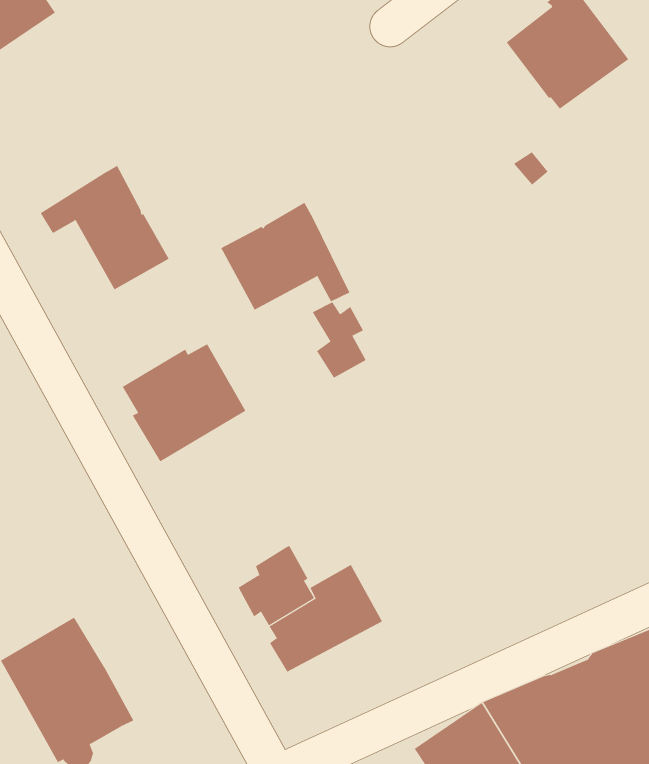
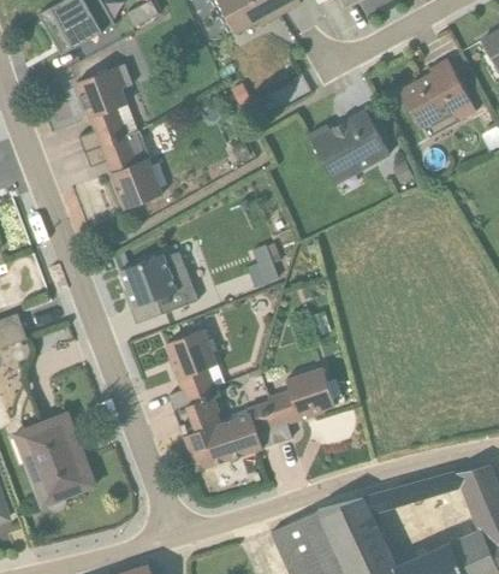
building: none -> [76,64,132,153]
building: none -> [309,111,390,185]
building: [221,202,350,311] -> none
building: none -> [166,330,226,412]
building: none -> [249,367,335,448]

